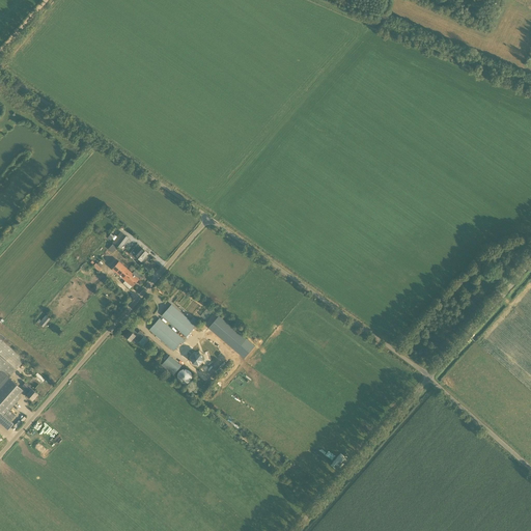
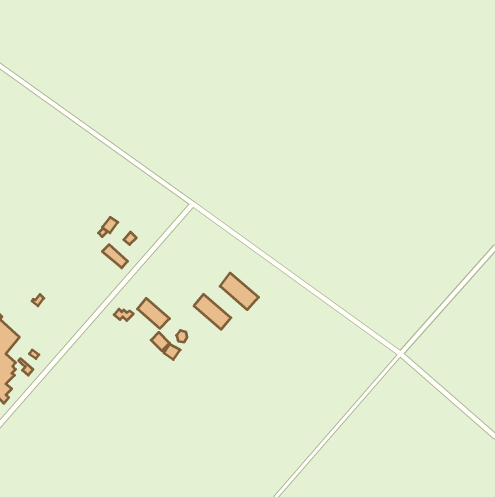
building: none -> [220,273,259,310]
building: [159,304,195,336] -> none

